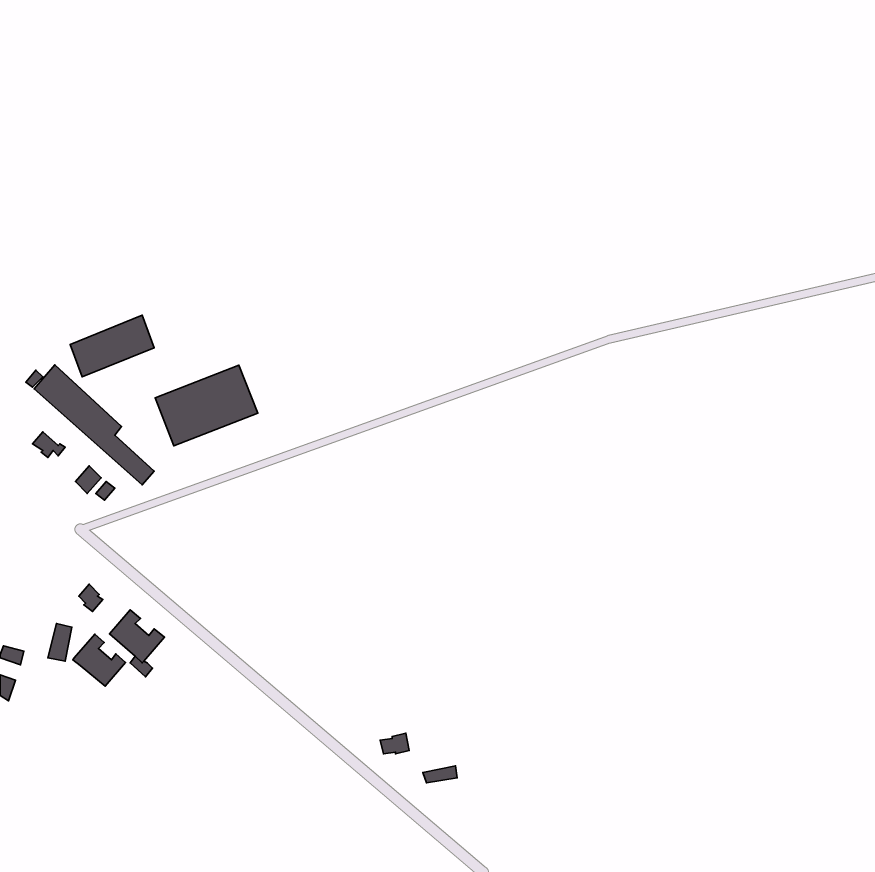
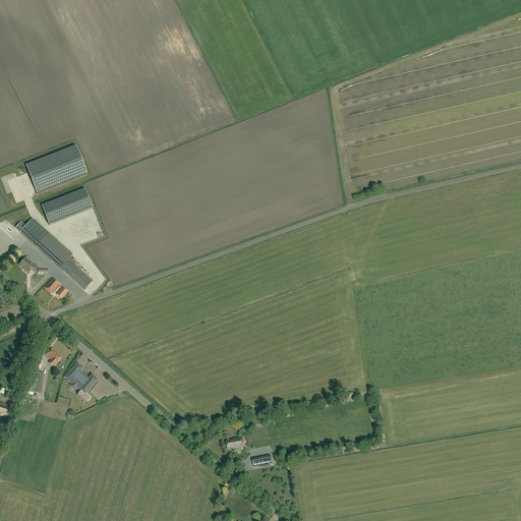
building: [155,365,258,446] -> [25,144,86,192]
building: [73,634,125,686] -> none

